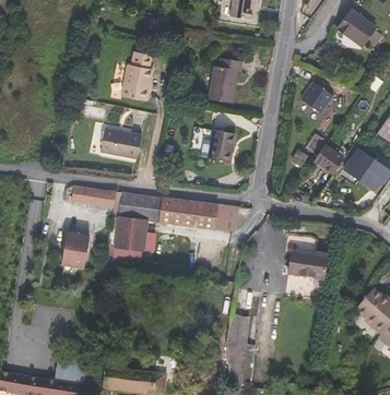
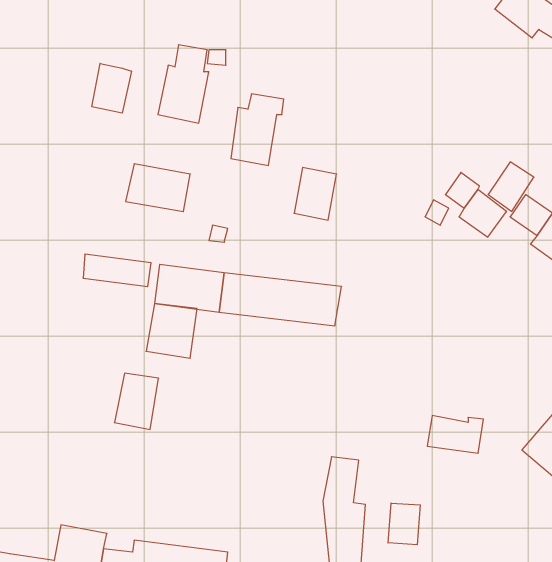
building: [208,58,241,104] -> [231,94,284,165]
building: none -> [92,63,131,113]
building: [306,84,335,116] -> [488,162,534,211]
building: [61,232,90,268] -> [114,373,159,429]
building: [289,254,326,278] -> [427,416,483,453]
building: none -> [388,503,420,545]

